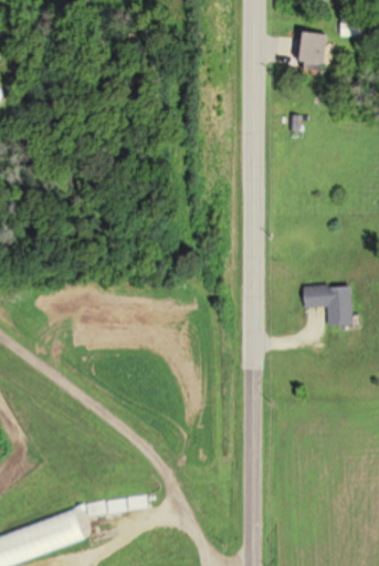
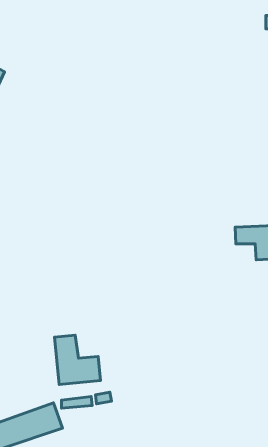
building: [303,34,328,74] -> none
building: none -> [55,335,100,384]

